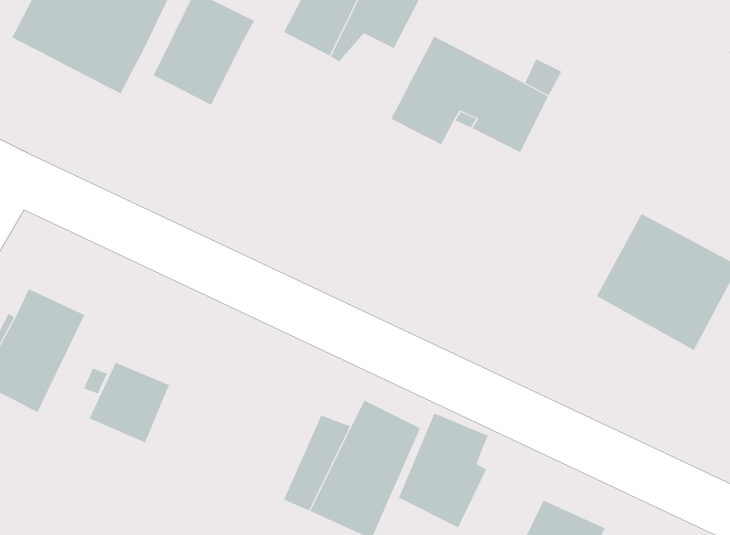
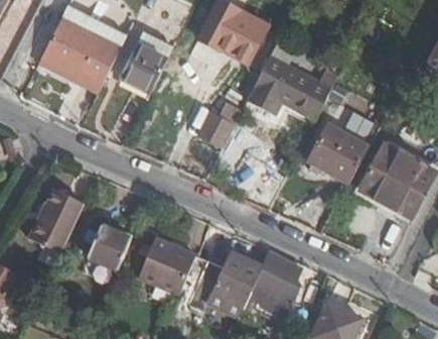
building: none -> [199,100,242,143]
building: none -> [313,117,374,175]
building: none -> [136,239,195,299]

